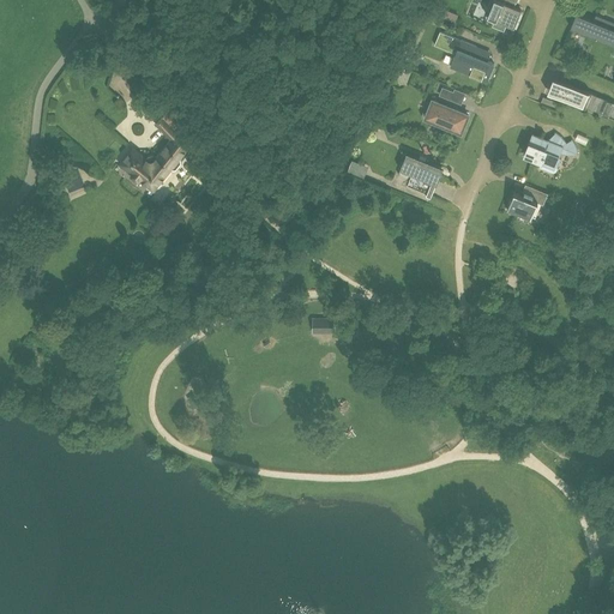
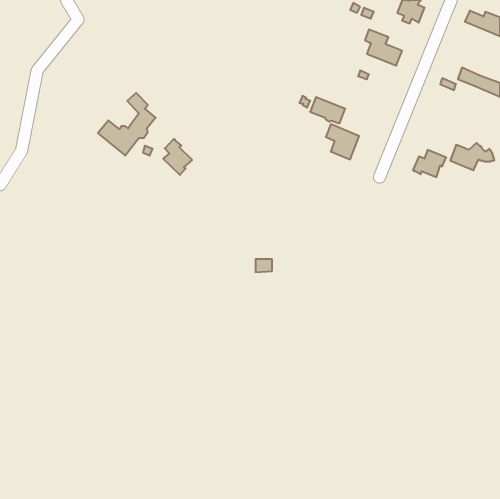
building: [425,101,468,133] -> [310,97,345,123]
building: [524,133,578,167] -> [450,143,494,170]
building: none -> [163,139,192,175]

